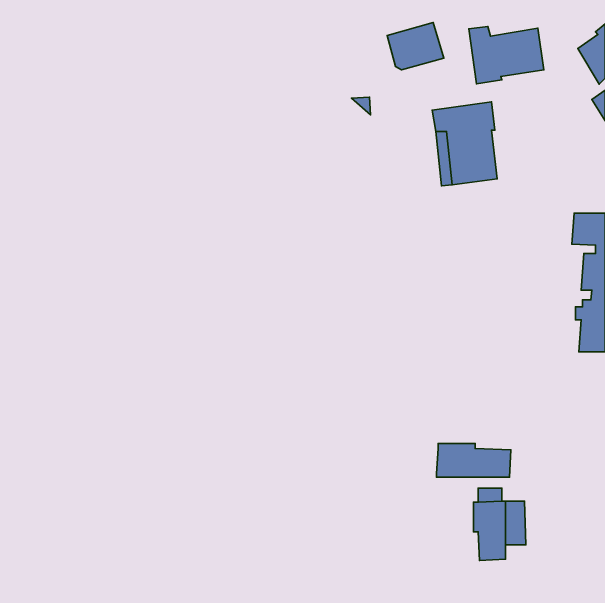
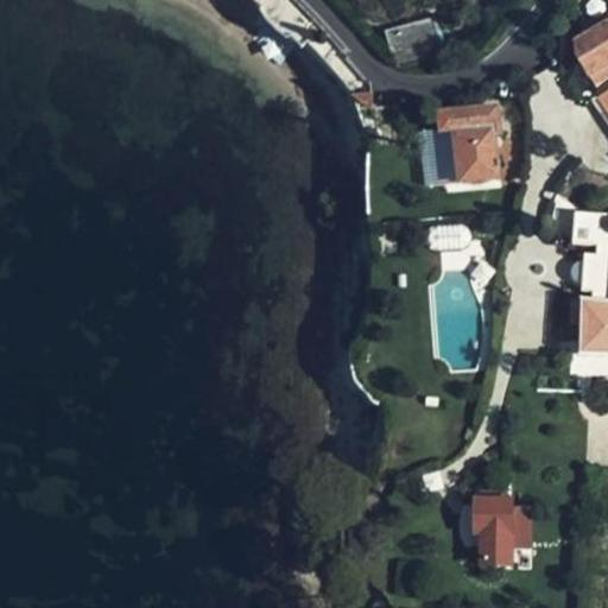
building: [469,27,544,84] -> none
building: [437,444,511,477] -> none

